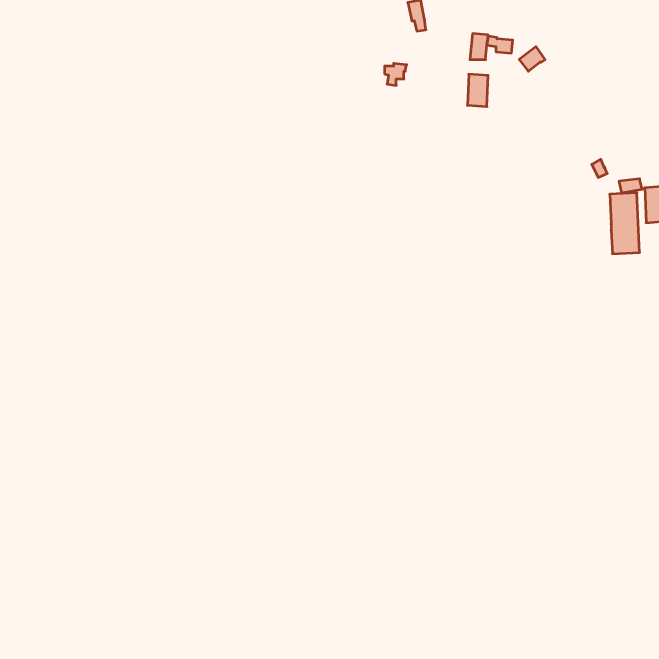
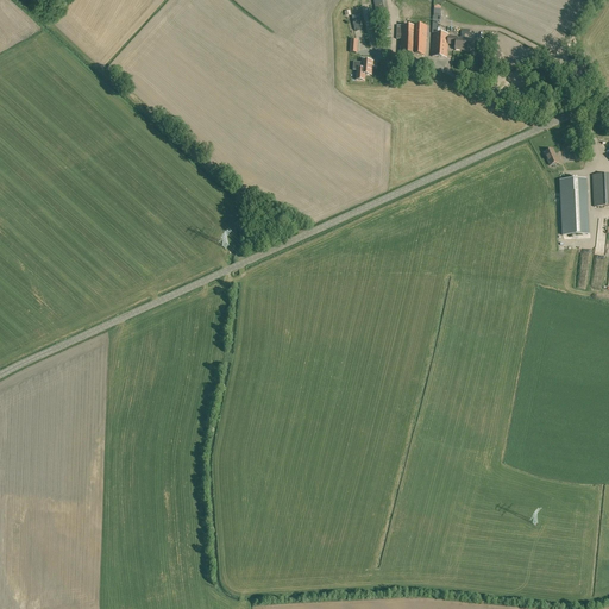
building: [467,74,488,107] -> [407,23,426,52]

